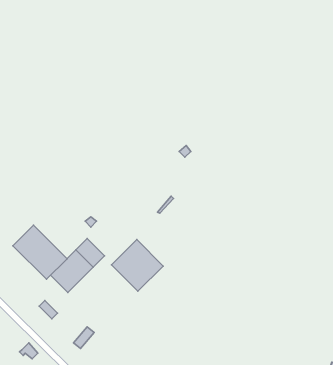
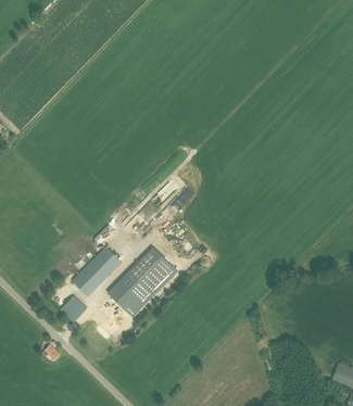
building: [13,225,67,279] -> none
building: none -> [108,269,154,316]

